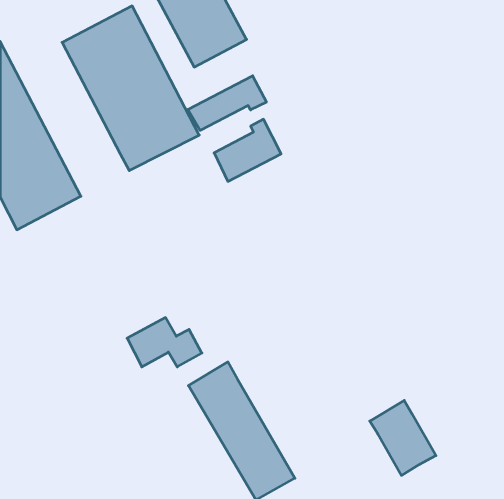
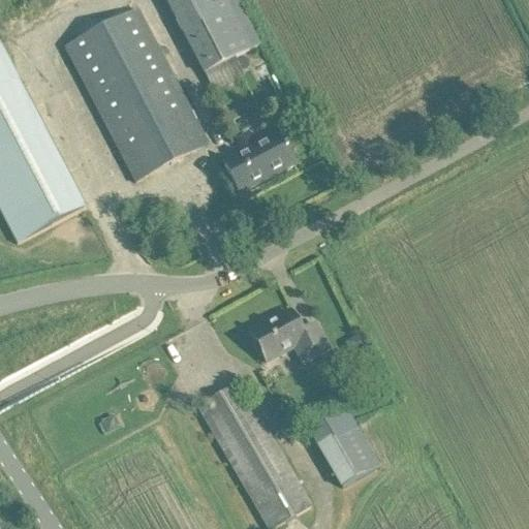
building: [188,76,266,130] -> none
building: [127,318,202,367] -> [250,308,329,360]
building: [370,400,436,475] -> [309,406,378,485]

